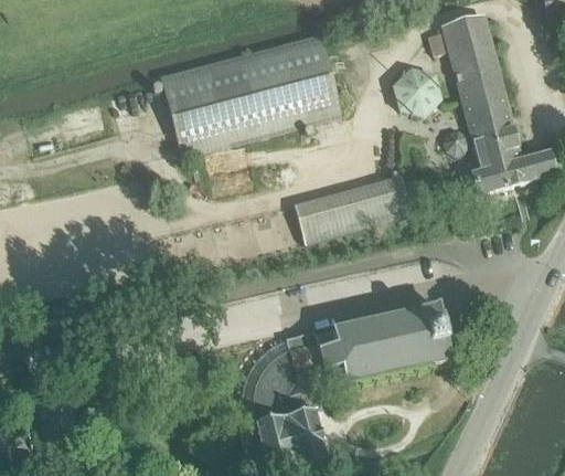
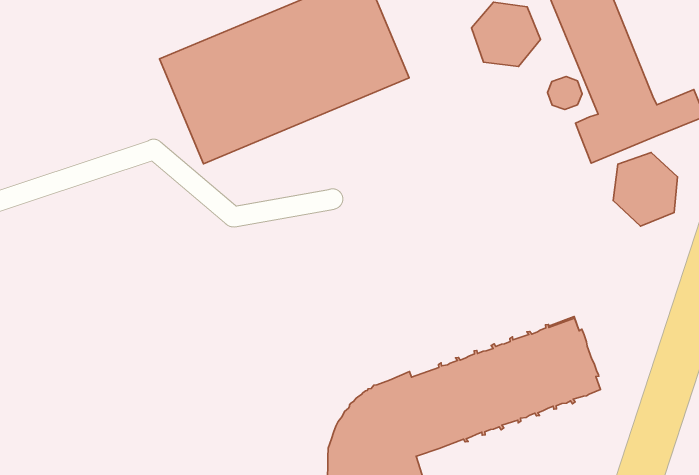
building: [296,176,416,245] -> none
building: none -> [613,153,678,226]

